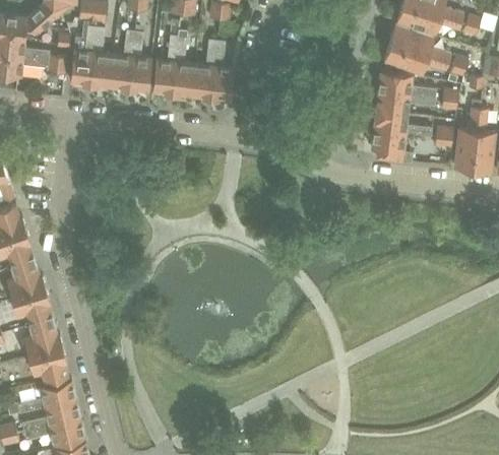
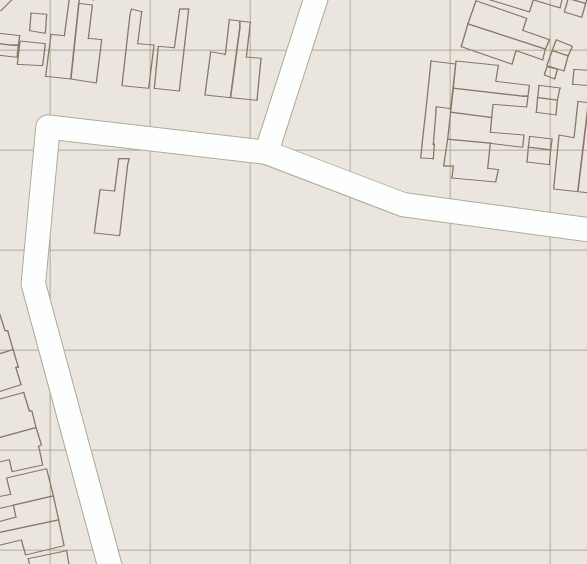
building: [170,27,193,94] -> none
building: [107,29,133,87] -> [94,159,129,235]
building: none -> [421,61,455,159]

